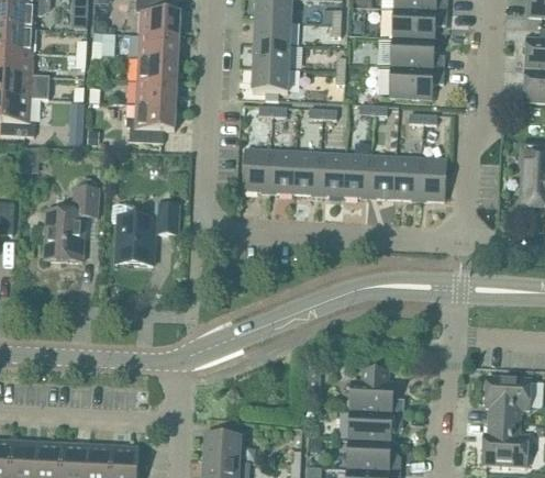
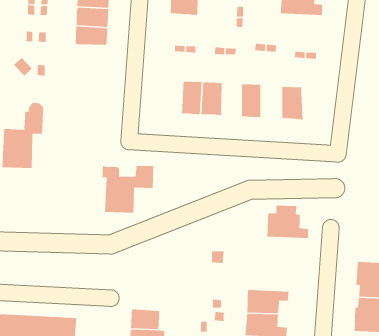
building: [252,67,288,92] -> none
building: [389,67,444,99] -> none
building: [125,104,175,143] -> none
building: [243,149,269,192] -> none
building: [318,153,342,196] -> none
building: [367,155,392,198] -> none
building: [418,158,446,201] -> none
building: [111,203,177,264] -> [101,165,154,214]
building: [349,370,402,413] -> [267,205,309,239]

